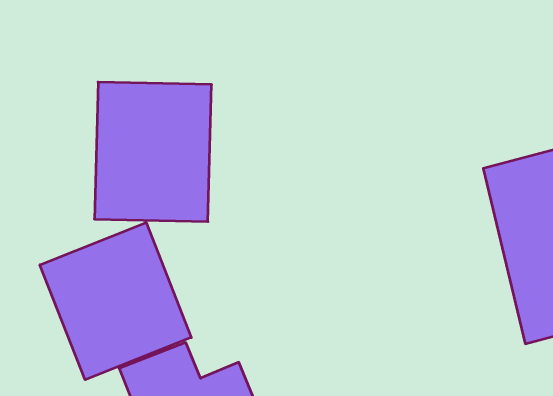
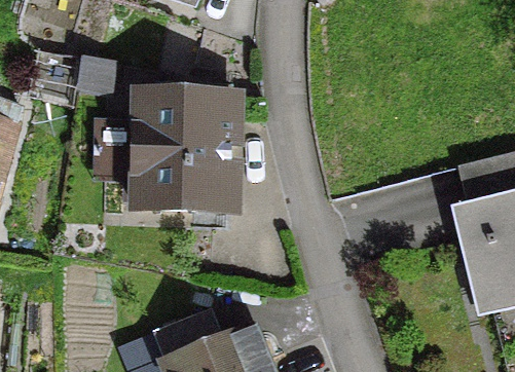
building: [40,223,191,380] -> none

